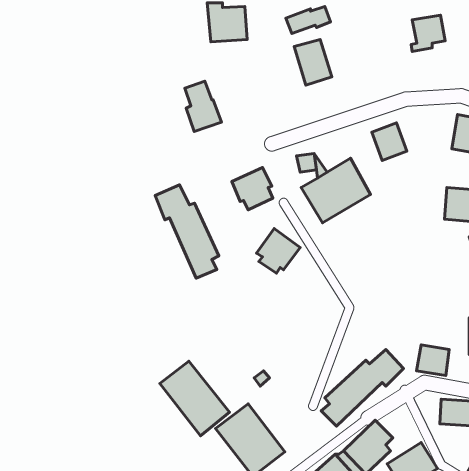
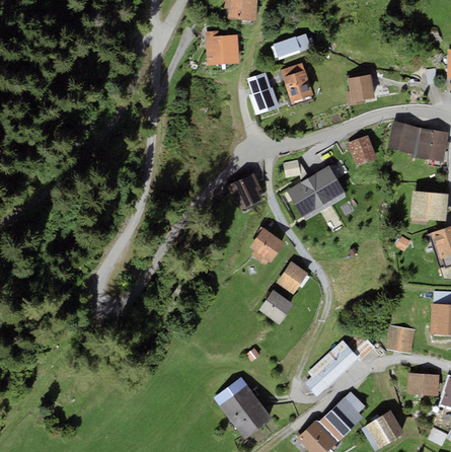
building: [411,15,445,52] -> [347,75,376,106]
building: [185,81,221,132] -> [248,72,280,116]
building: none -> [387,121,421,154]
building: [155,185,219,278] -> none
building: none -> [277,262,308,294]
building: none -> [258,290,293,324]
building: [160,361,229,436] -> none

